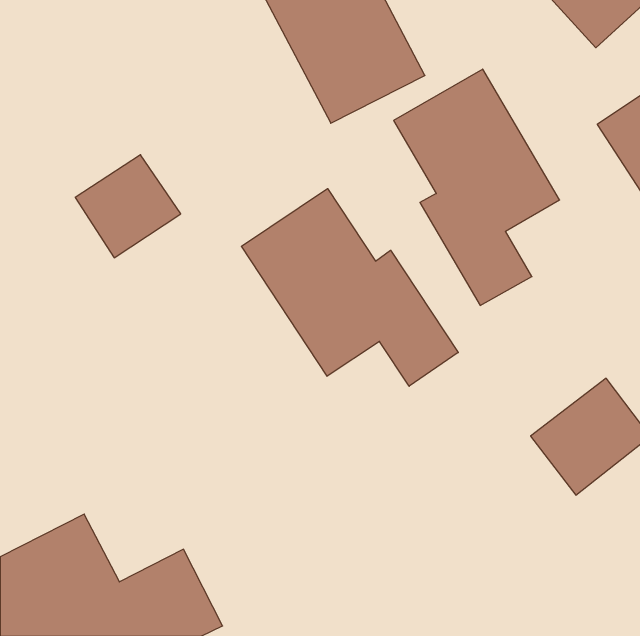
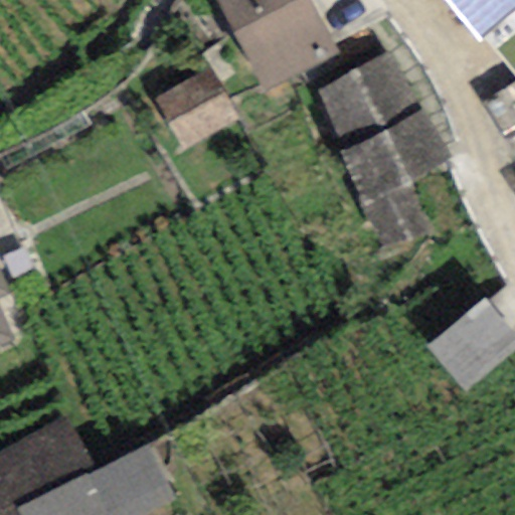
building: [75,155,181,258] -> [154,65,238,148]
building: [241,189,458,386] -> none

